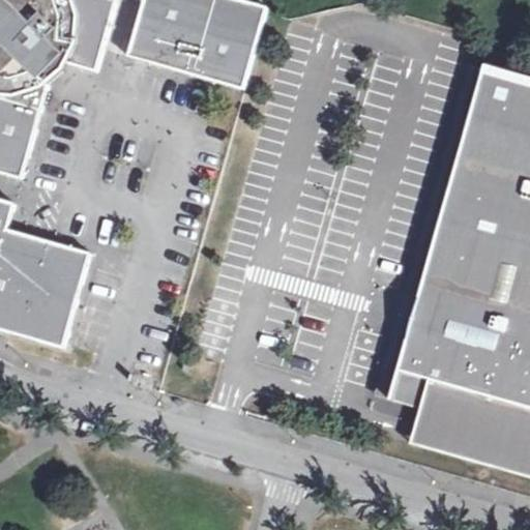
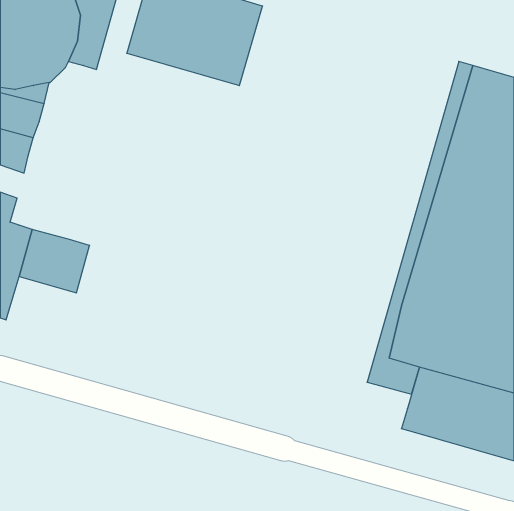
building: [6,285,79,347] -> none

